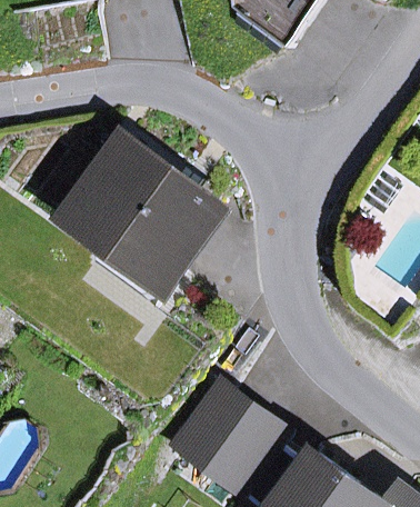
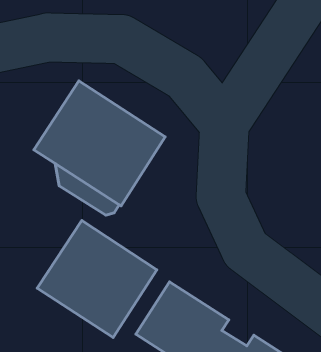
building: none -> [37,221,157,337]

